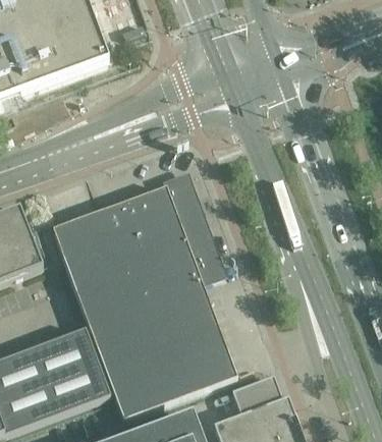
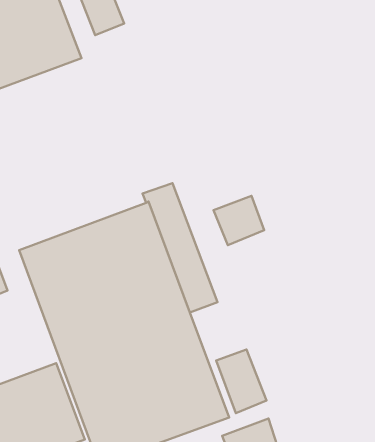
building: none -> [214,196,264,245]
building: none -> [216,350,267,413]

